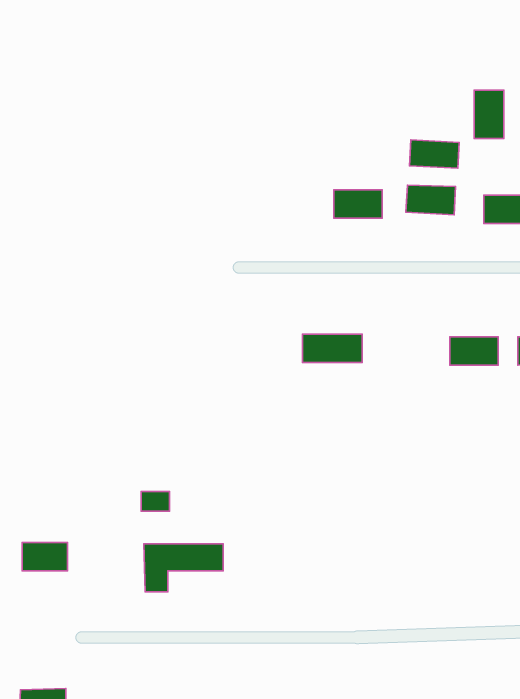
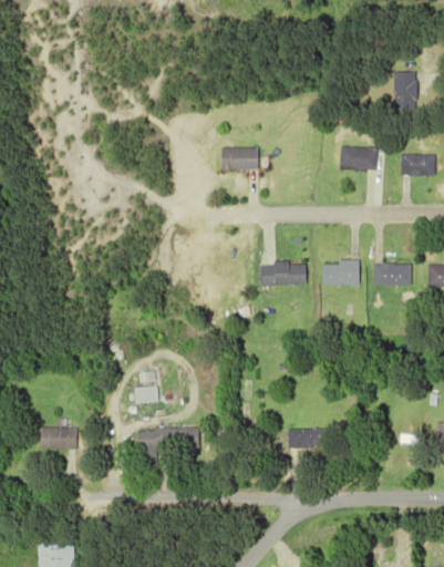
building: [410,140,459,168] -> none
building: [334,190,382,218] -> [220,147,258,169]
building: none -> [322,262,360,285]
building: none -> [287,427,330,447]

